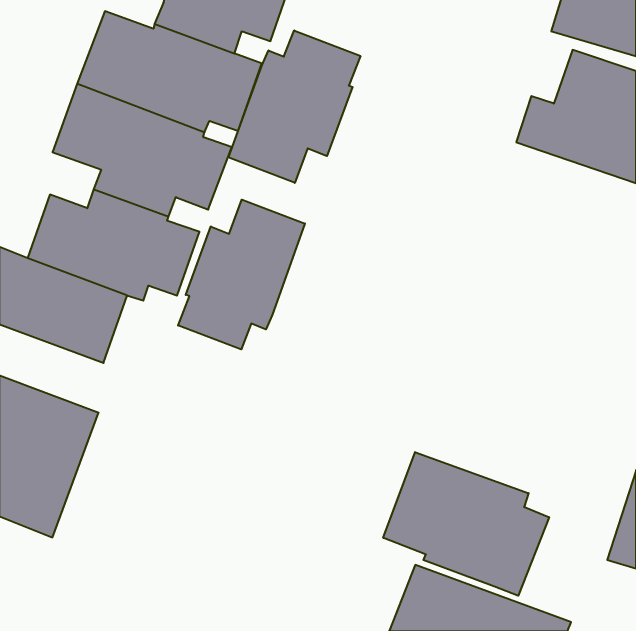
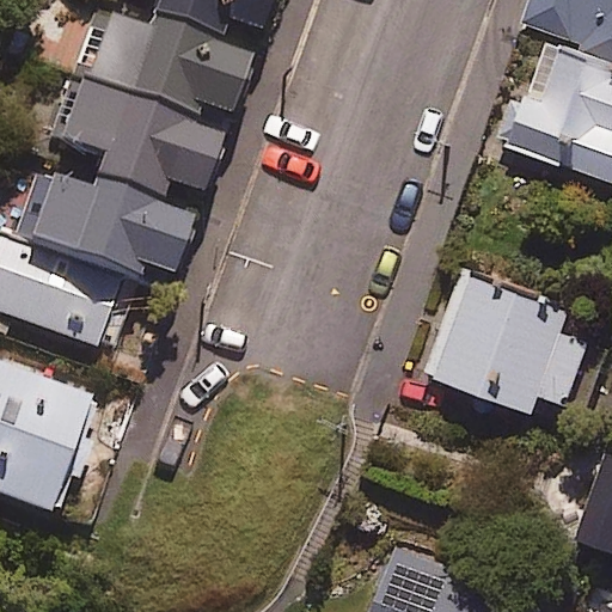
building: [229,30,360,183] -> none
building: [178,200,305,349] -> none
building: none -> [430,268,593,411]
building: [383,452,549,596] -> none

